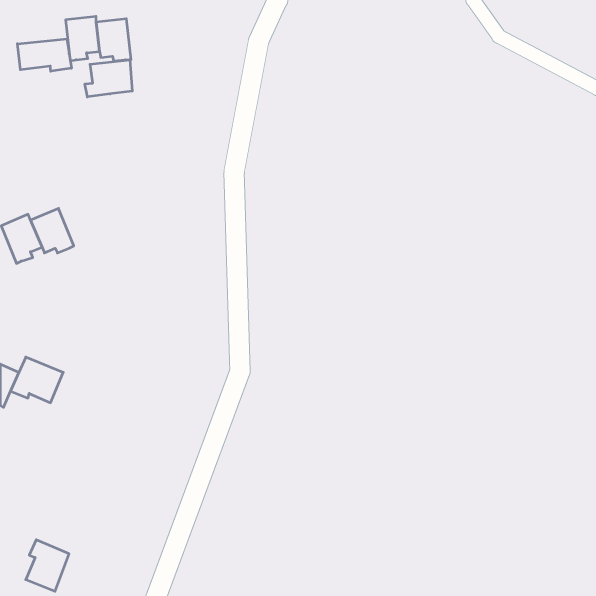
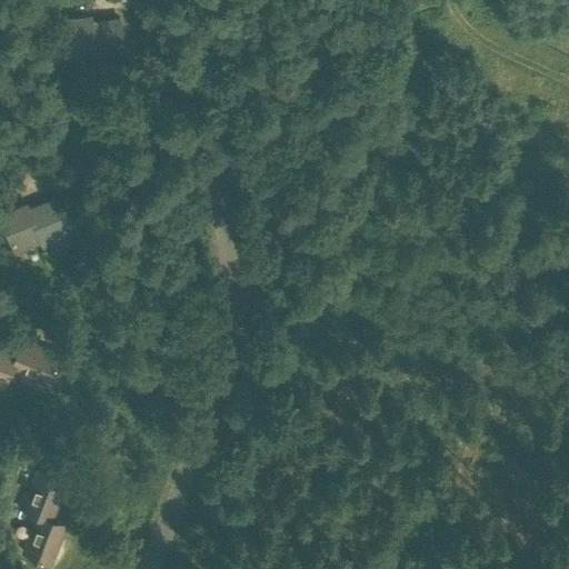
building: [17,39,71,71] -> none
building: [85,60,132,97] -> none
building: none -> [21,475,68,521]

